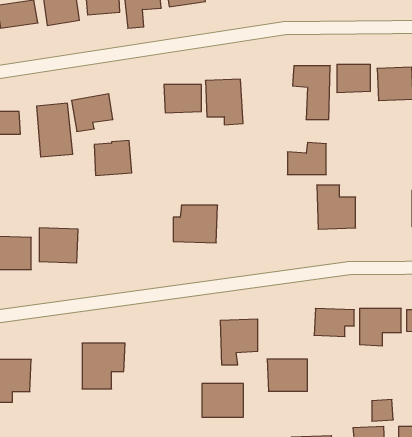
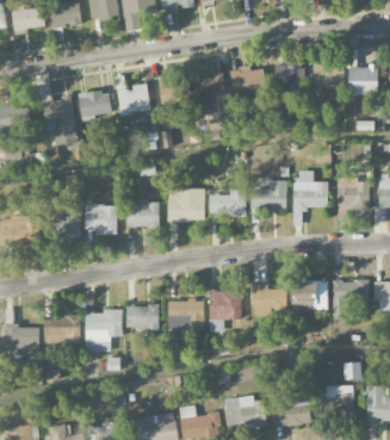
building: none -> [230,67,262,92]
building: [94,141,132,175] -> [117,83,150,114]
building: [287,142,326,175] -> [252,180,286,209]
building: none -> [336,179,370,211]
building: none -> [208,190,246,216]
building: none -> [126,203,159,228]
building: none -> [83,204,117,234]
building: none -> [125,304,159,329]
building: none -> [43,316,80,345]
building: [267,359,307,391] -> [250,286,286,315]
building: [202,384,243,417] -> [167,300,204,330]

